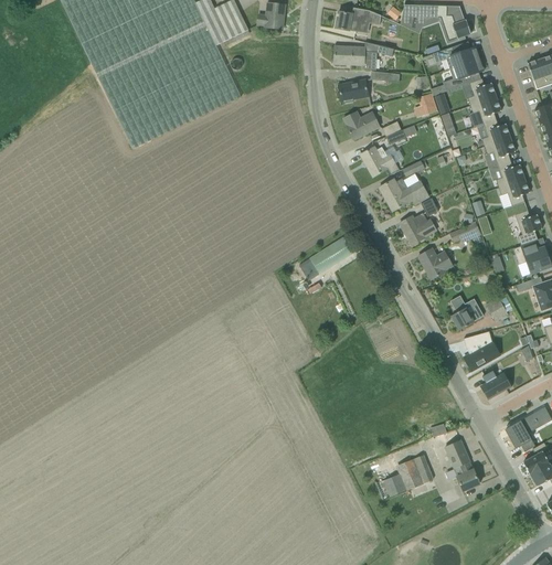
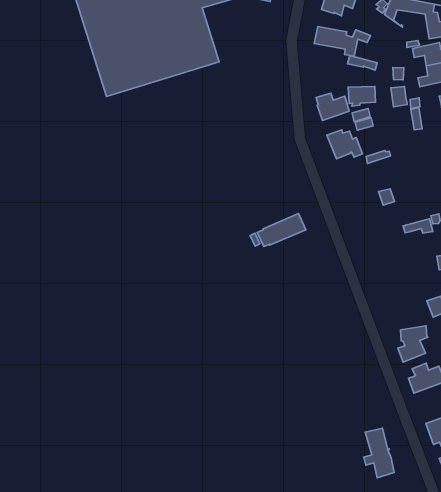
building: [339,79,369,103] -> [348,87,376,106]
building: [380,178,431,211] -> none
building: [401,214,436,244] -> none
building: [418,248,454,278] -> none
building: [453,298,485,329] -> none
building: [384,454,434,495] -> none

